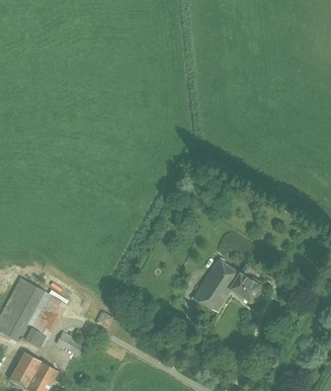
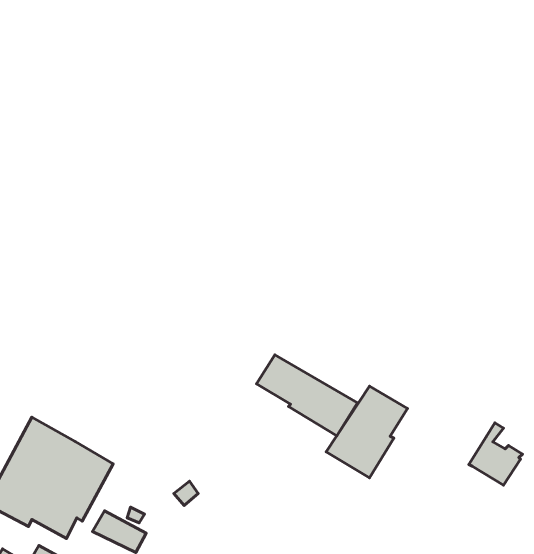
building: none -> [256,355,357,436]
building: [230,263,261,300] -> [469,423,522,485]

